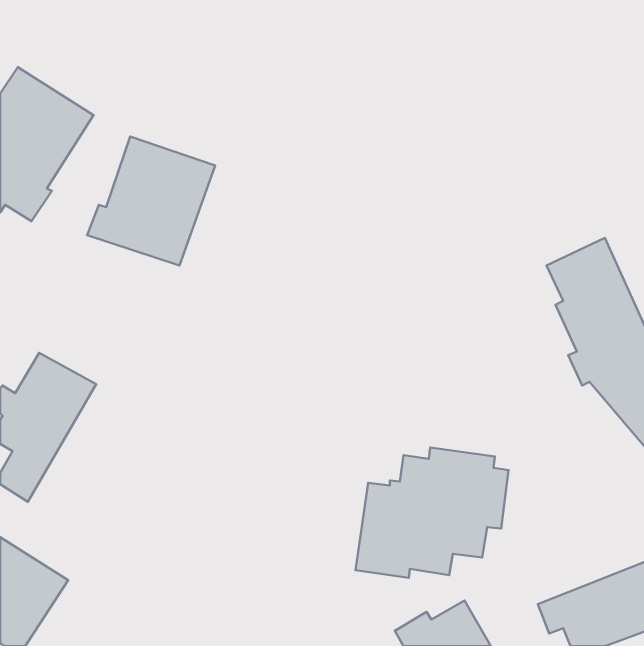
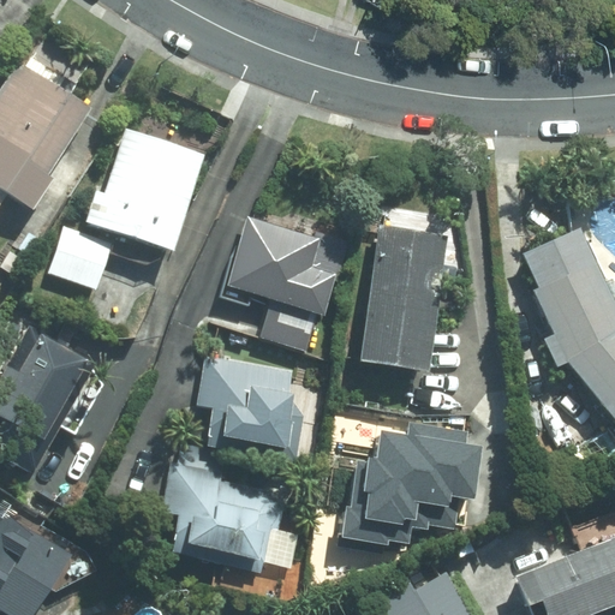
building: none -> [226,216,342,351]
building: none -> [357,222,447,370]
building: none -> [50,234,109,289]
building: none -> [196,356,304,461]
building: none -> [163,461,282,571]

